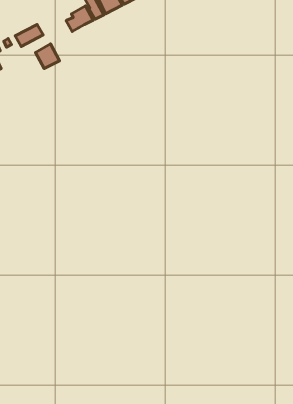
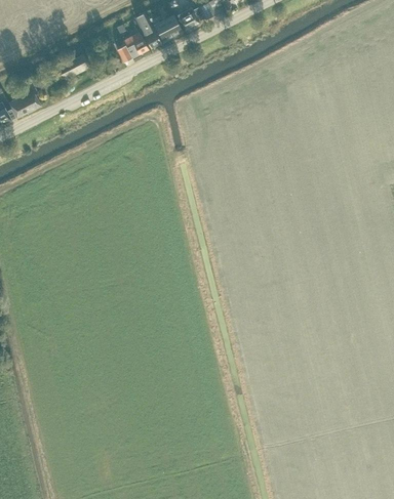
building: [35,44,60,68] -> none

